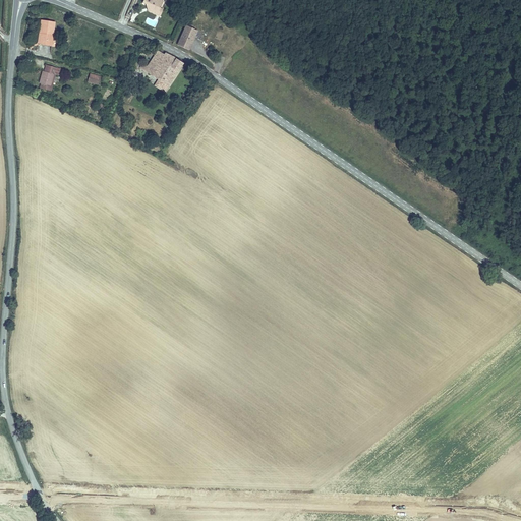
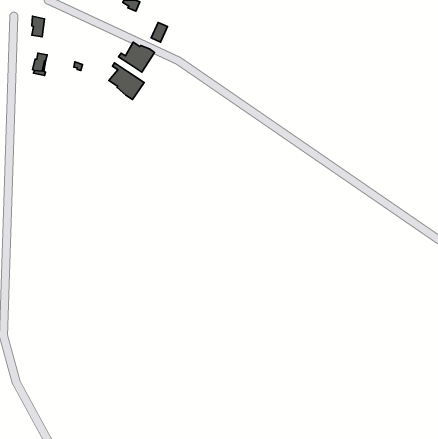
building: none -> [109,63,144,100]

